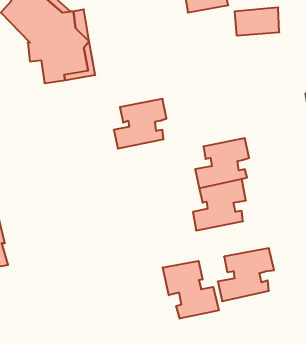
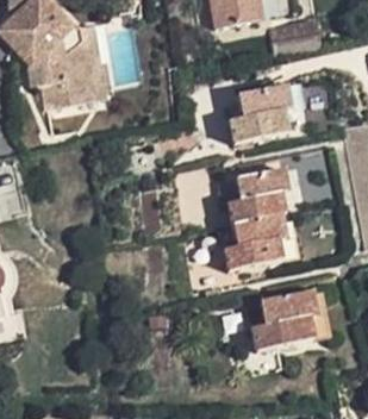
building: [114,99,167,149] -> [231,86,292,143]
building: [163,261,219,319] -> none

